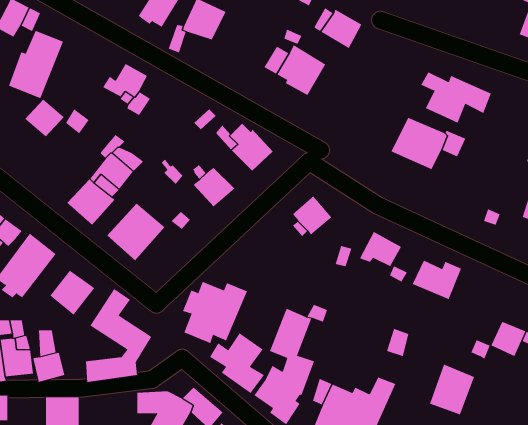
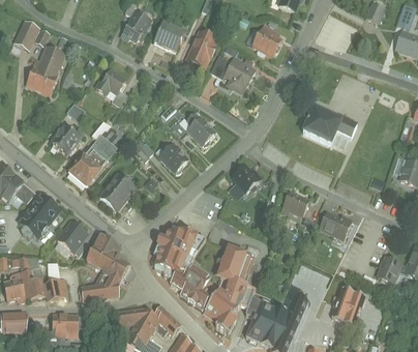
building: none -> [184,30,219,70]
building: [420,71,492,123] -> none
building: [24,99,64,137] -> [52,126,81,154]

